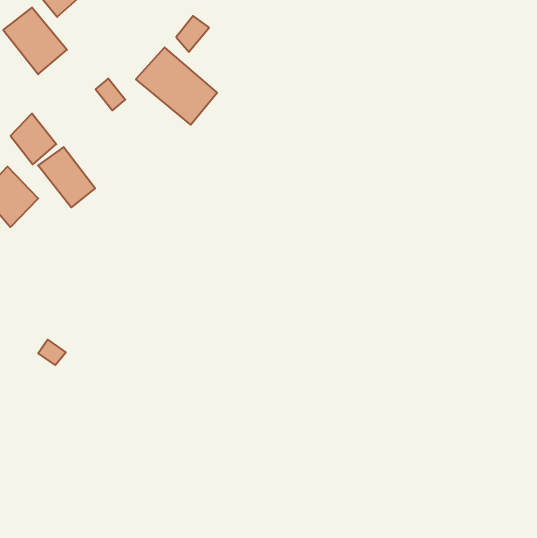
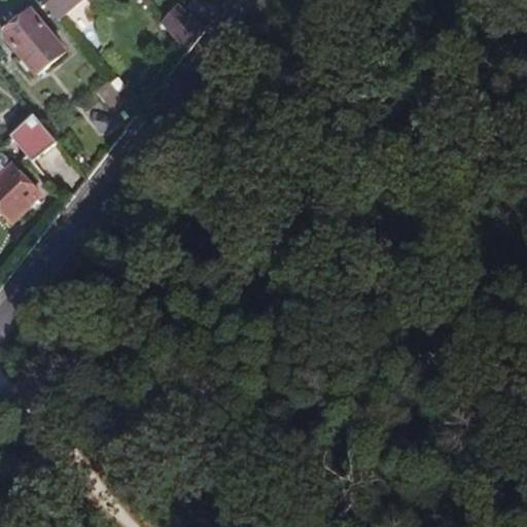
building: [136,47,217,125] -> none
building: [38,147,95,207] -> none

